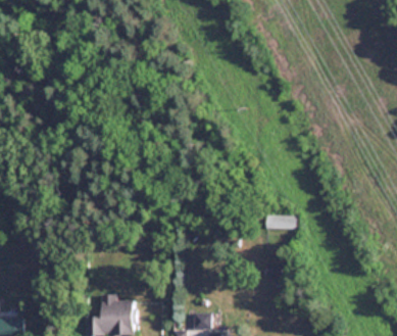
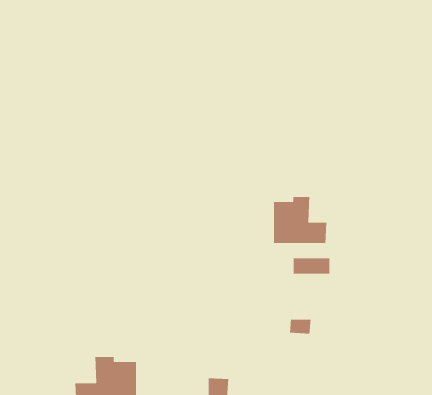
building: none -> [273,196,327,244]

